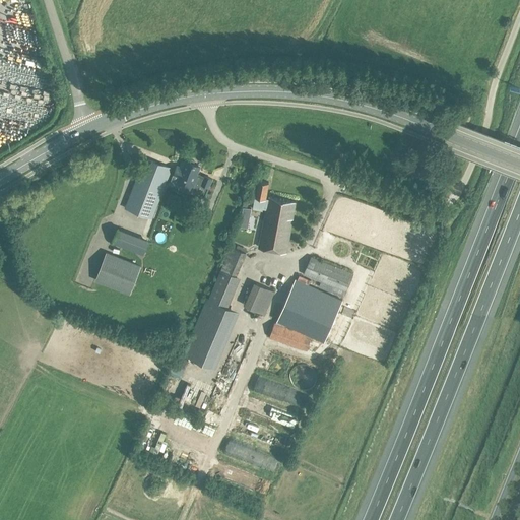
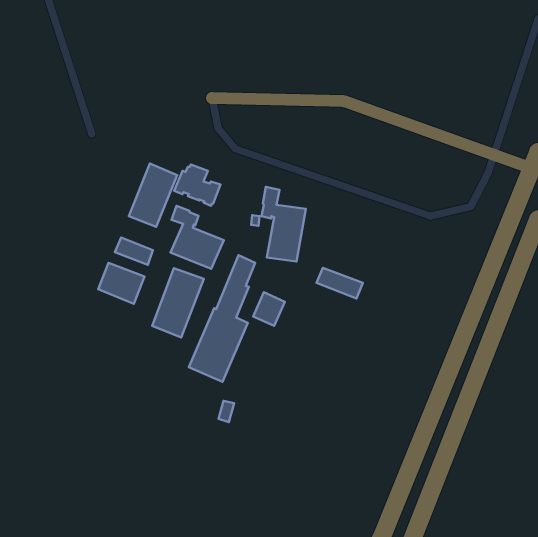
building: none -> [171,206,224,269]
building: none -> [152,268,204,338]
building: [277,281,339,339] -> none
building: [269,325,310,351] -> none

